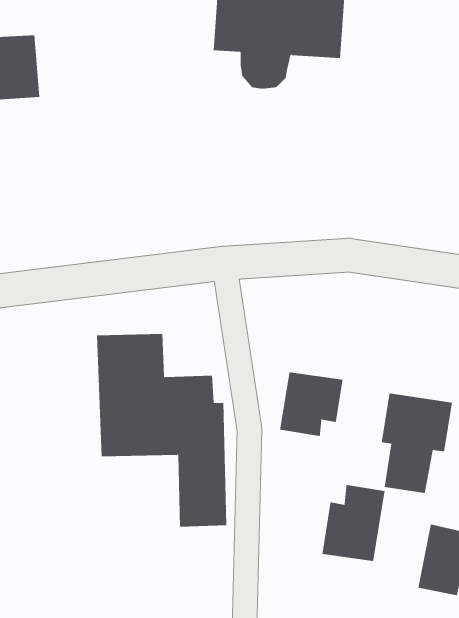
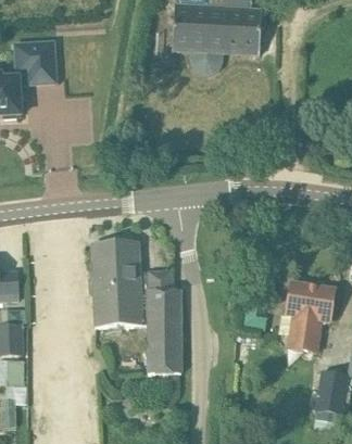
building: [279,371,343,437] -> none
building: [322,484,385,562] -> none

